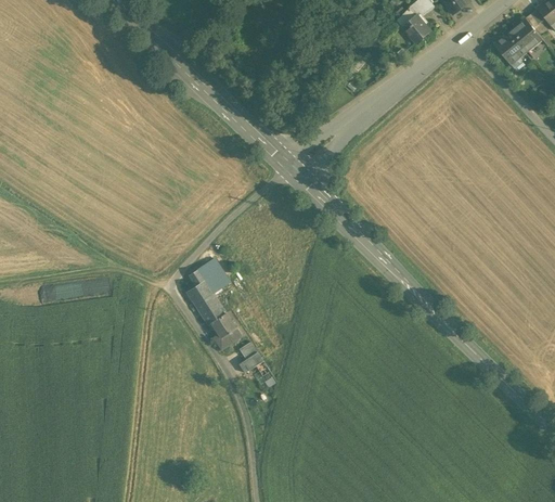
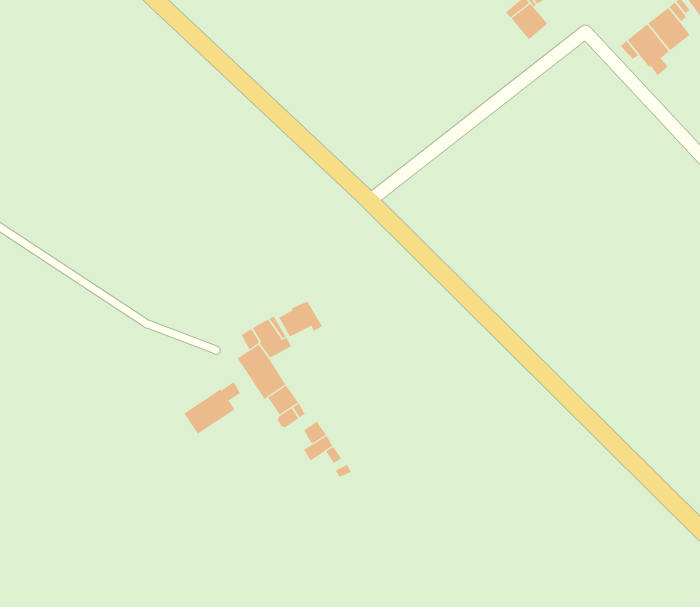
building: none -> [278,301,323,337]
building: none -> [183,381,241,435]

